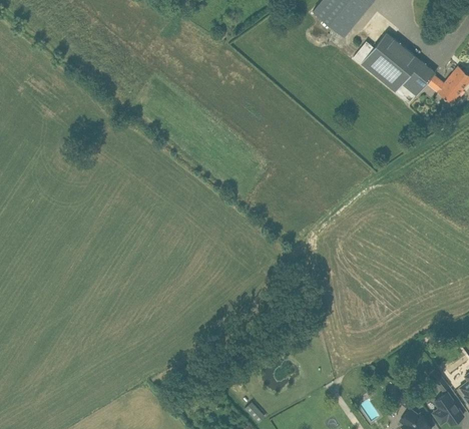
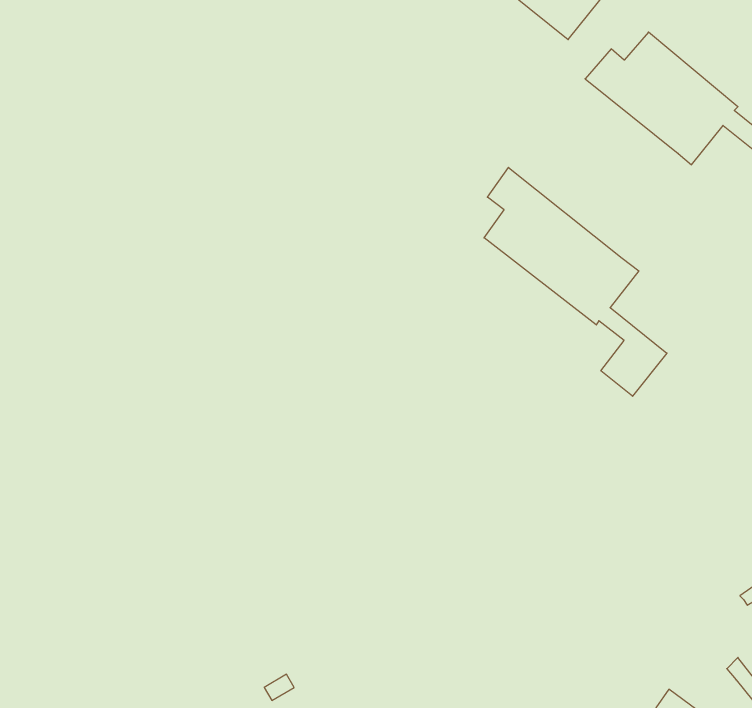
building: none -> [484,167,667,396]

